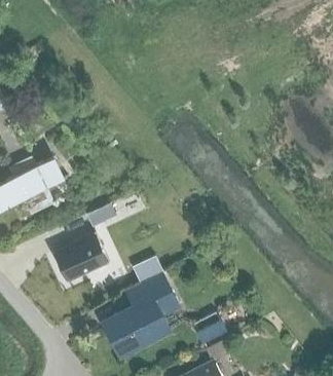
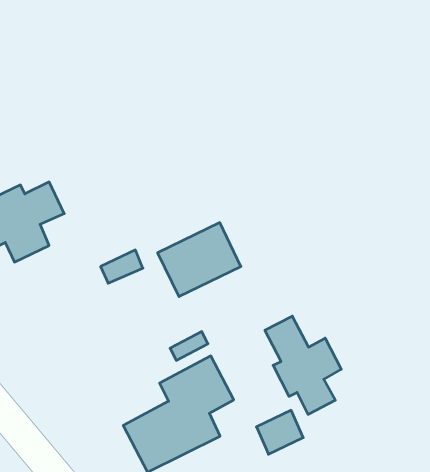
building: [52,232,109,283] -> [158,223,241,297]
building: none -> [265,316,341,414]

